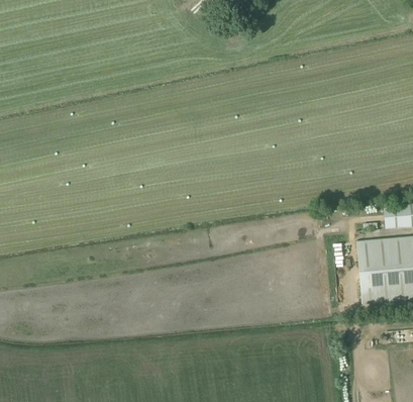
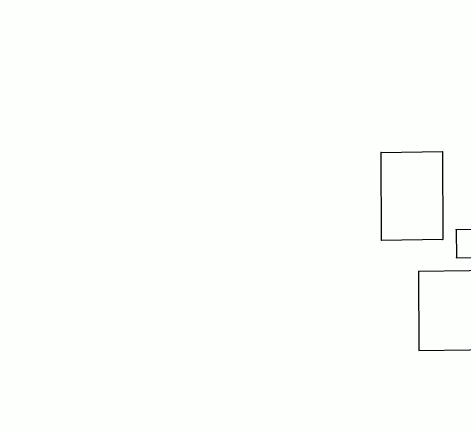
building: none -> [381,152,443,240]

